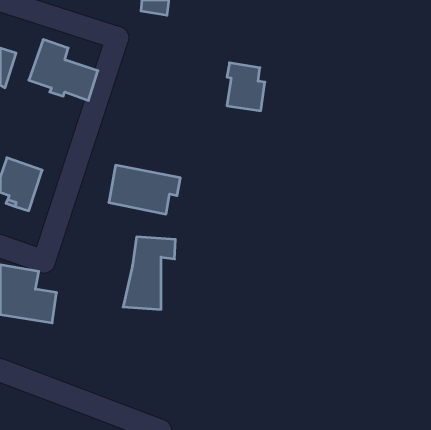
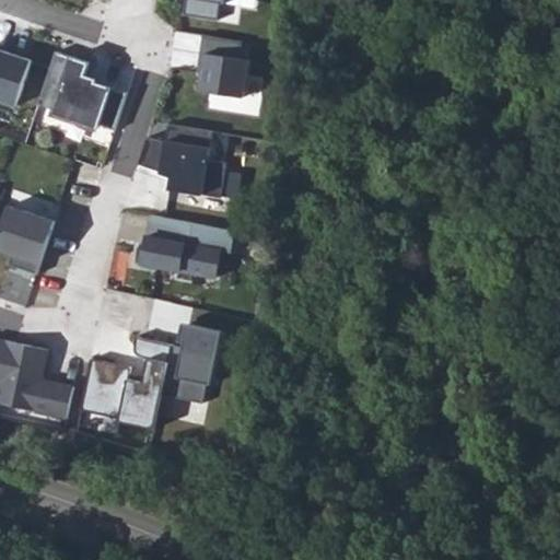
building: [227,63,265,111] -> [199,35,248,97]
building: none -> [141,125,229,199]
building: none -> [79,338,172,430]

